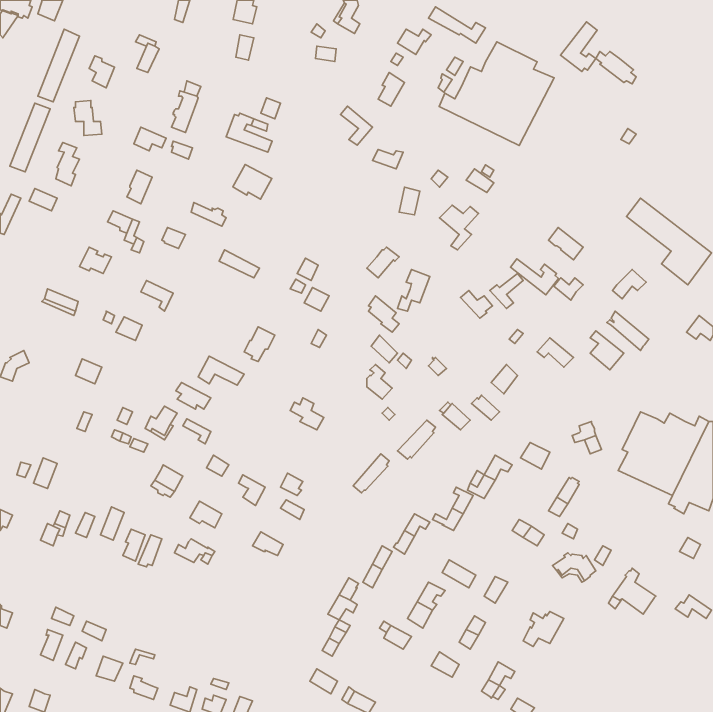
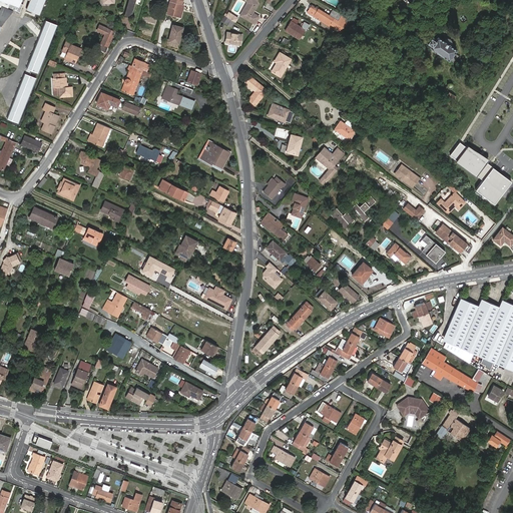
building: [560,22,597,71] -> none
building: [439,42,554,146] -> none
building: [233,164,272,199] -> [201,142,229,167]
building: [511,259,558,295] -> none
building: none -> [423,350,476,391]

